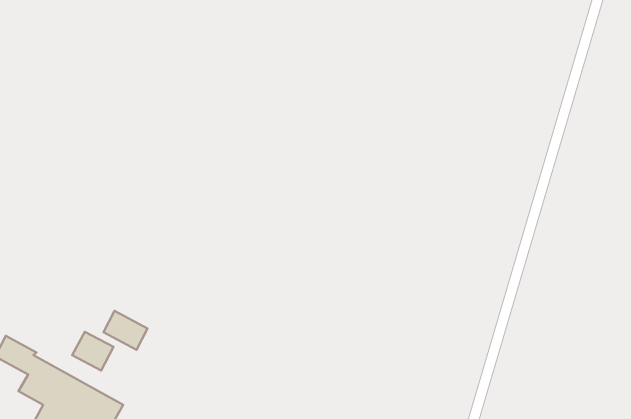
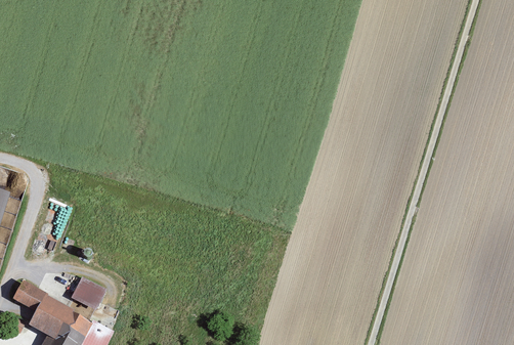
building: [103,311,148,350] -> none

